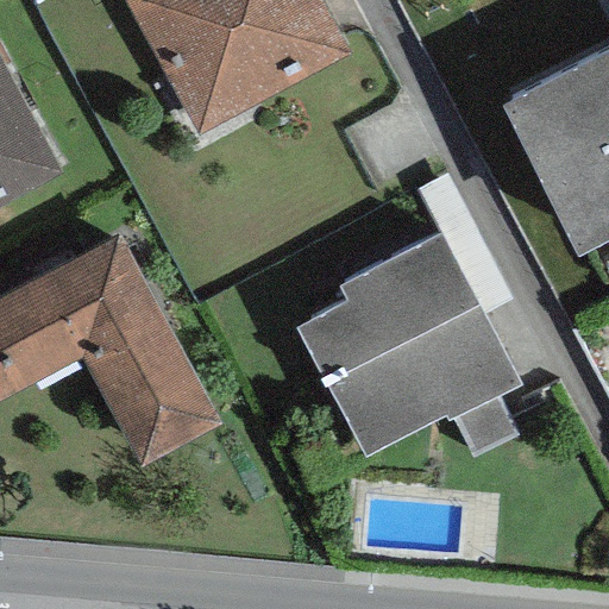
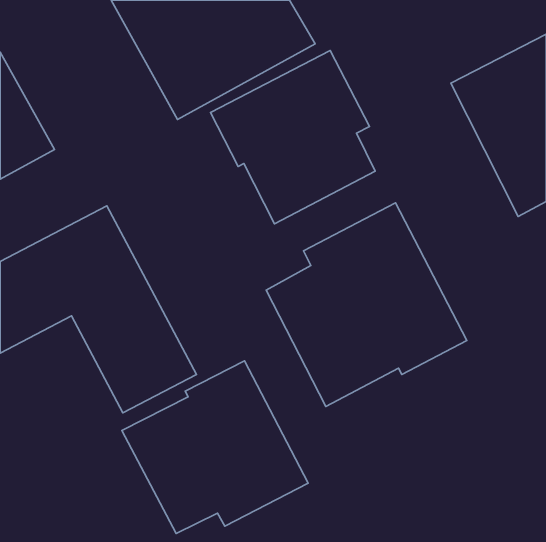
building: none -> [210,50,375,224]
building: none -> [122,361,308,534]

